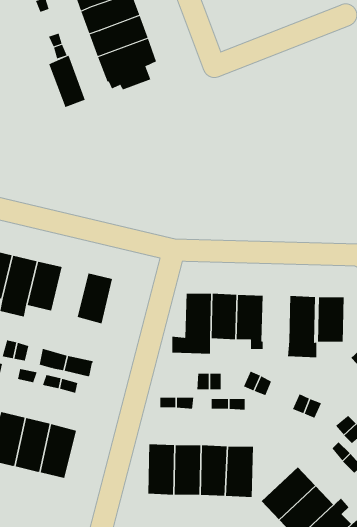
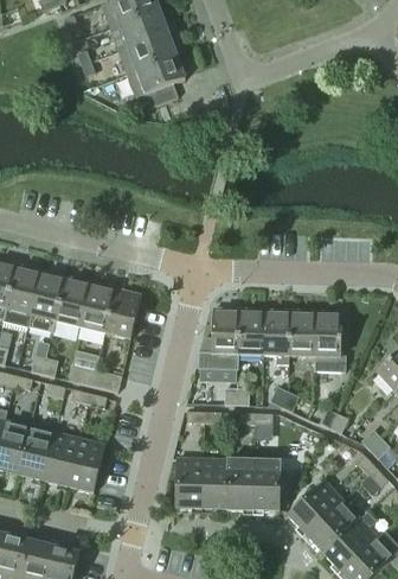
building: [49,55,86,108] -> none
building: none -> [79,282,115,332]
building: [317,297,345,342] -> [288,311,315,356]

